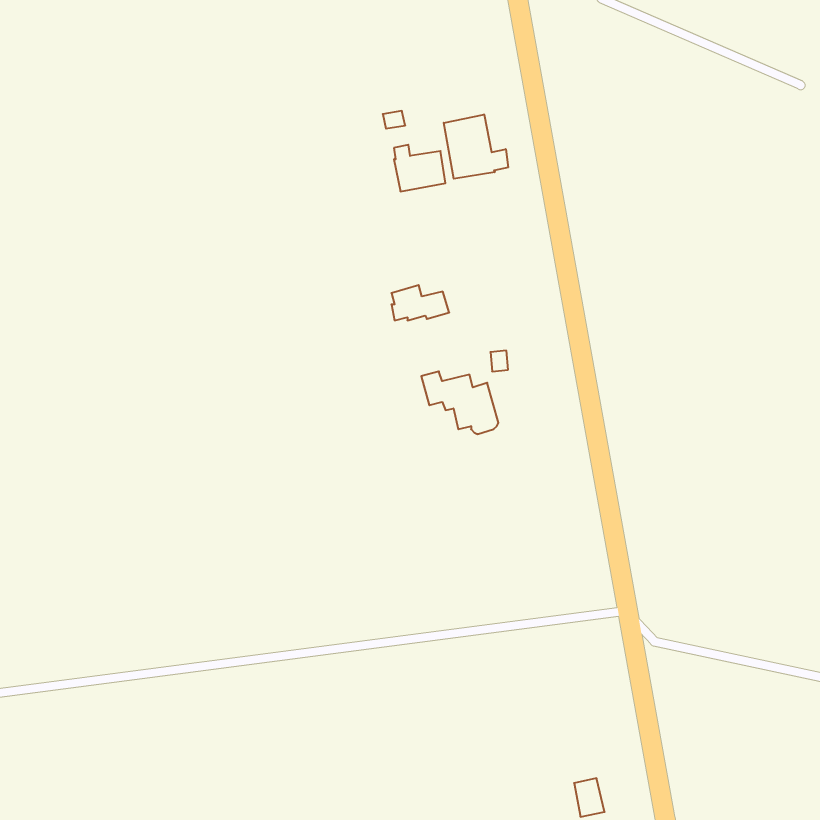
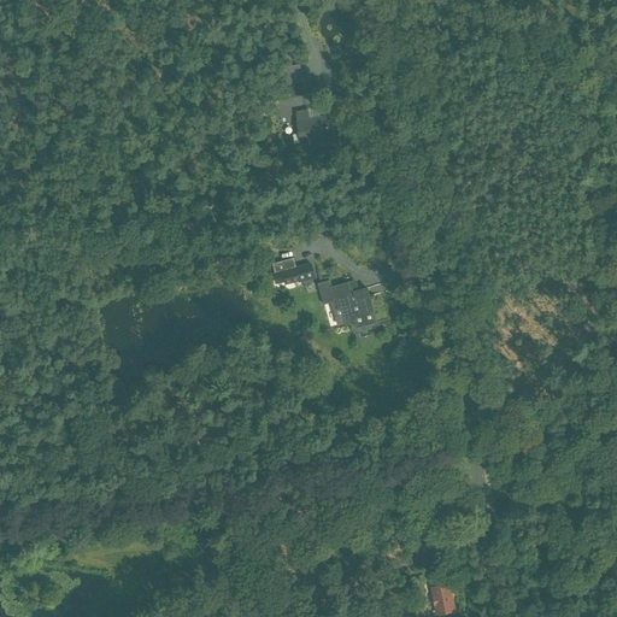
building: [444,114,508,179] -> none
building: [391,285,449,320] -> [271,257,315,283]

